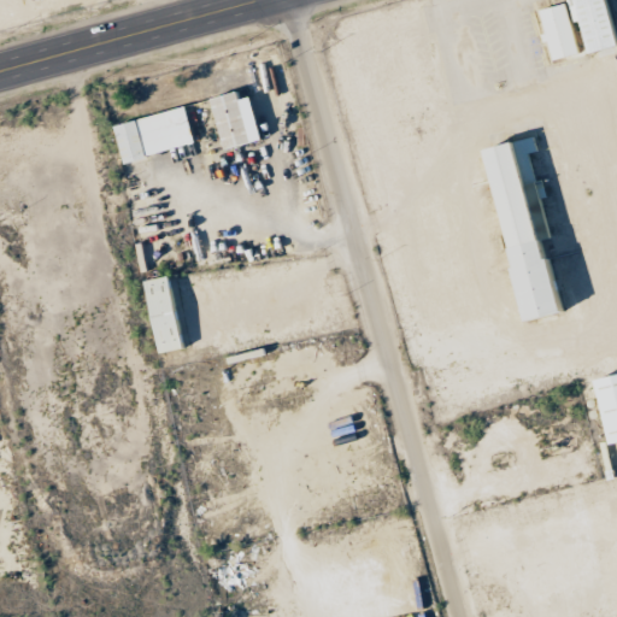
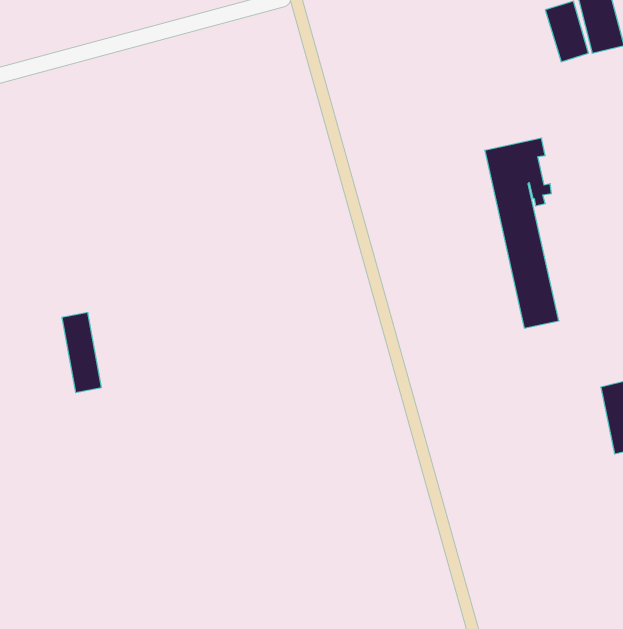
building: [211,90,263,149] -> none
building: [116,106,196,161] -> none
building: [145,275,183,353] -> [62,312,101,393]

